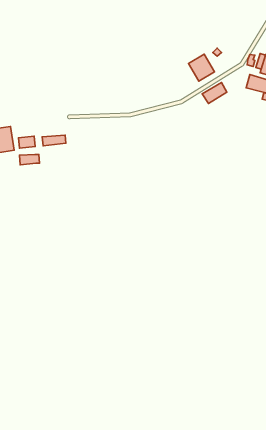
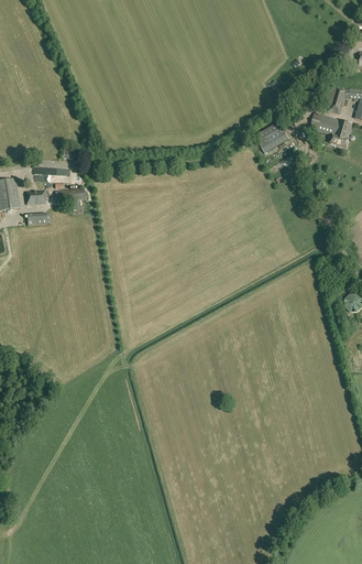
building: [189,54,215,81] -> none

